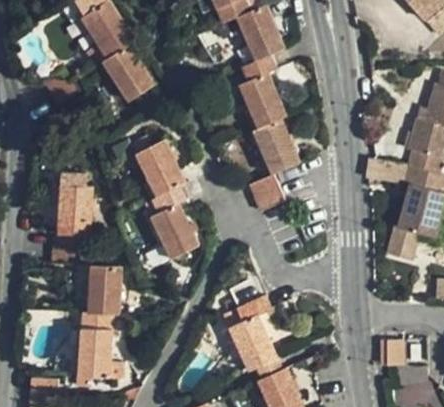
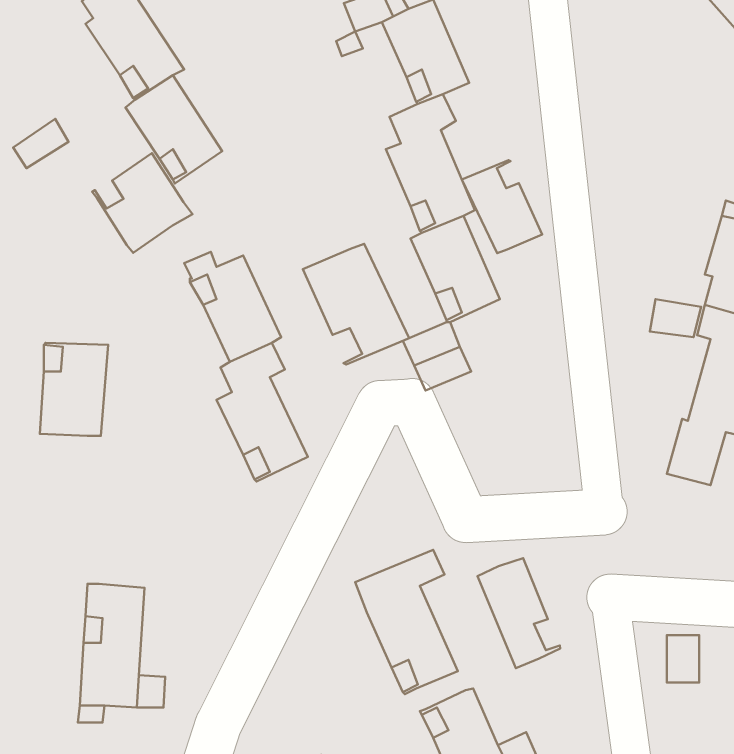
building: none -> [92,153,193,253]
building: none -> [462,160,542,253]
building: none -> [303,244,409,364]
building: [92,259,127,305] -> none
building: none -> [478,558,560,668]

